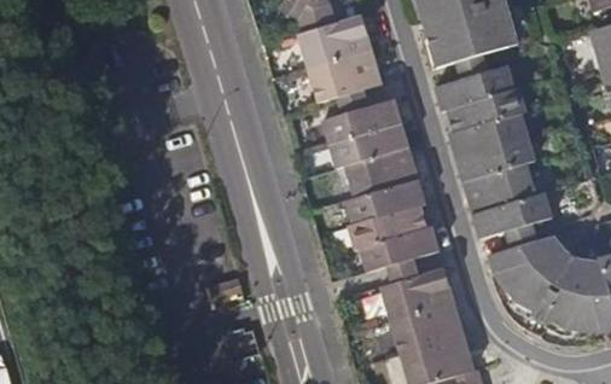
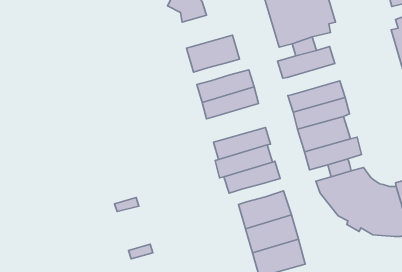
building: [298,16,372,69] -> none
building: [448,89,526,134] -> none
building: [344,146,418,198] -> none

